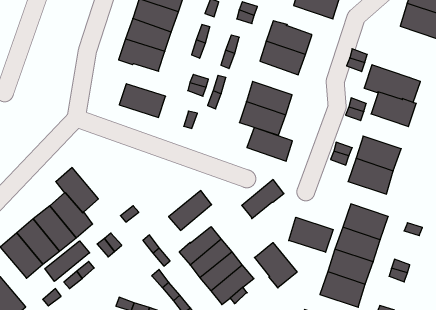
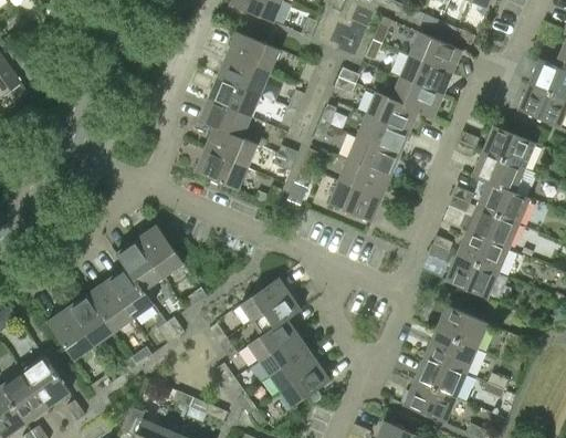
building: none -> [390,76,443,118]
building: none -> [483,125,535,168]
building: none -> [205,127,258,167]
building: none -> [467,206,518,248]
building: [247,127,292,161] -> [347,136,399,177]
building: none -> [136,225,184,277]
building: [242,180,284,219] -> [252,293,301,335]
building: [289,217,333,252] -> none
building: [45,241,90,281] -> none
building: [254,243,297,288] -> none

